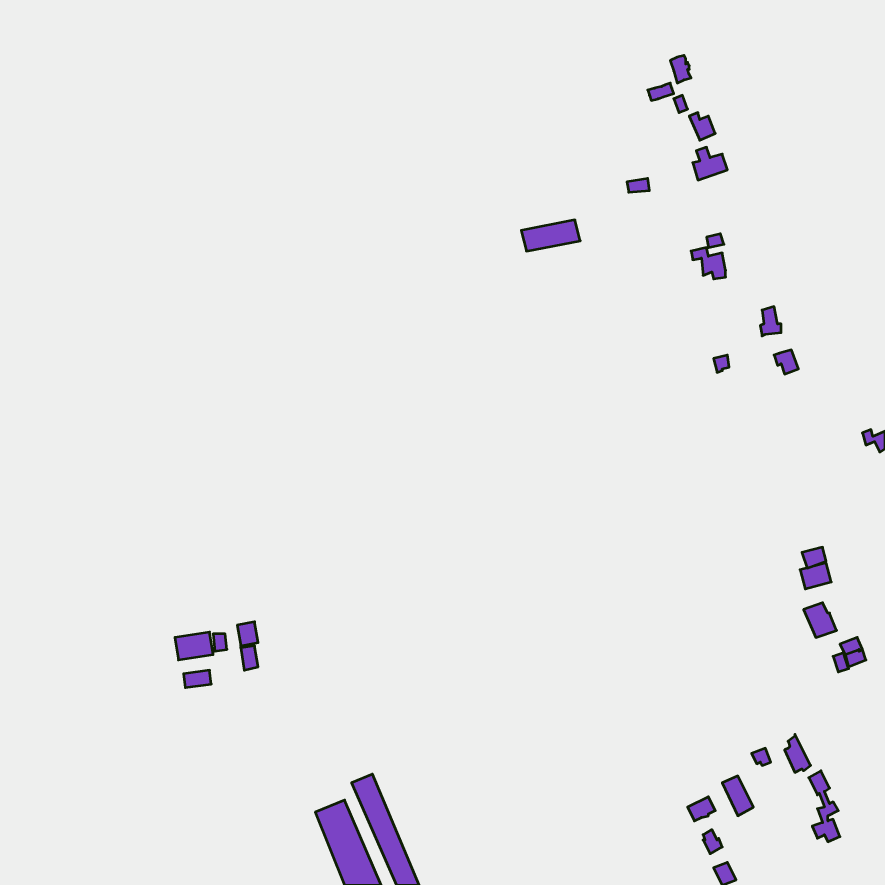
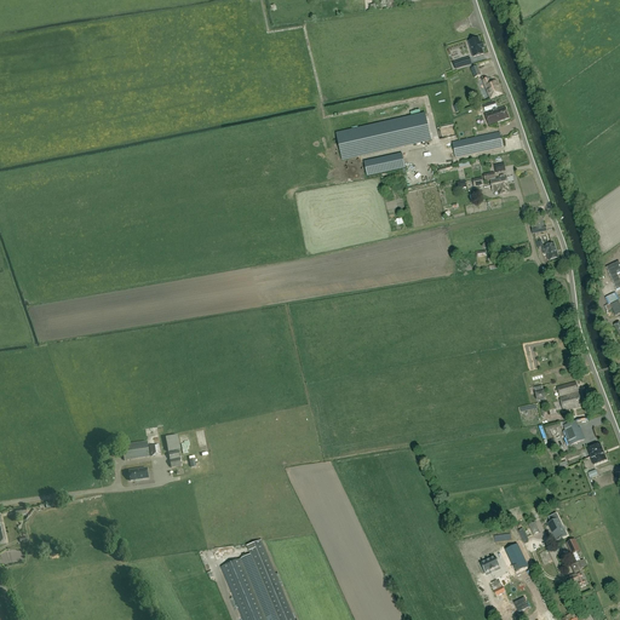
building: none -> [343,119,432,155]
building: none -> [452,132,503,159]

